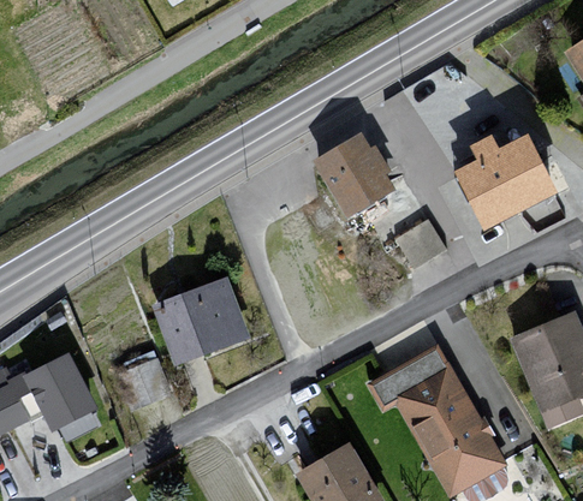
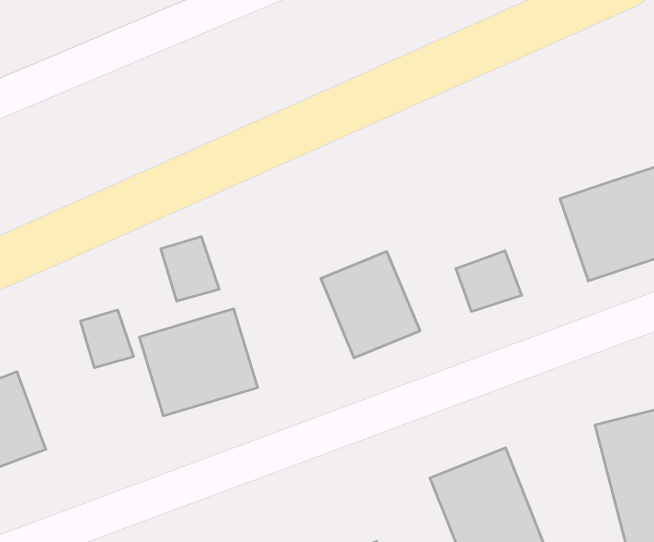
building: [317,132,398,216] -> [321,251,420,358]
building: none -> [161,237,219,301]
building: none -> [81,310,133,368]

